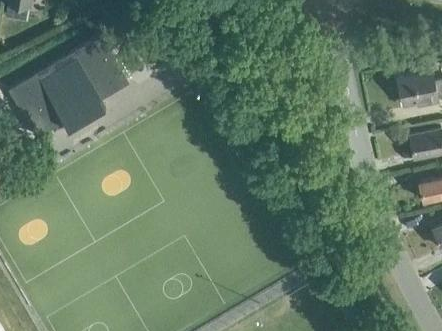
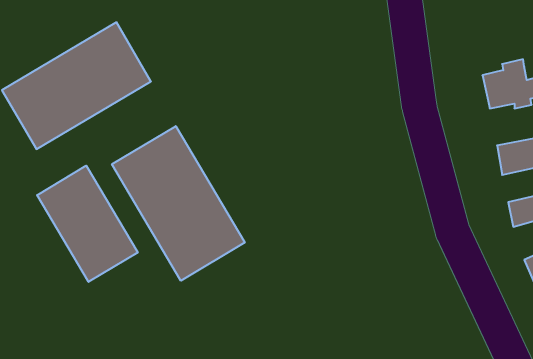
building: none -> [112,126,245,281]
building: none -> [37,166,138,282]

